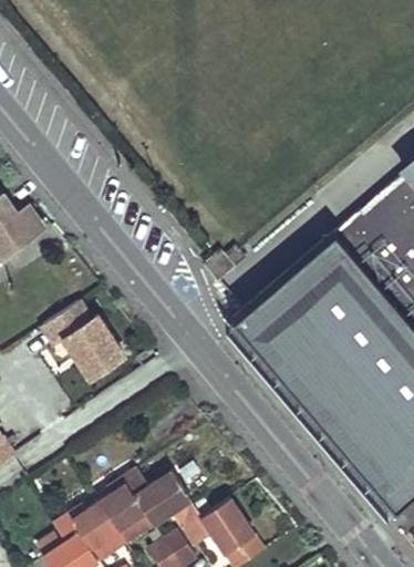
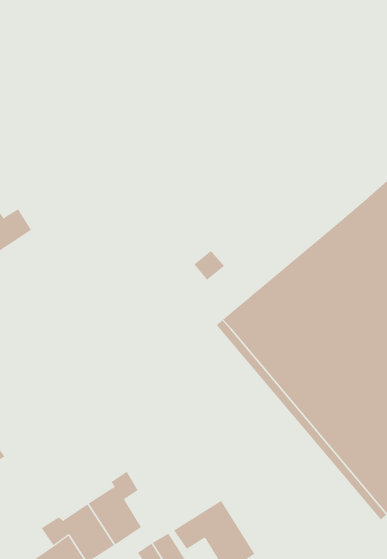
building: [39,306,120,381] -> none
building: [137,471,203,526] -> none

